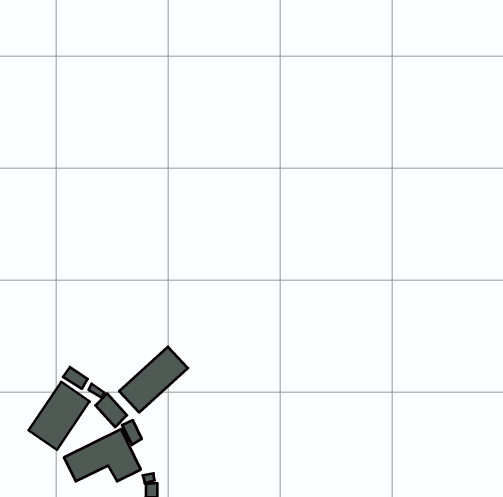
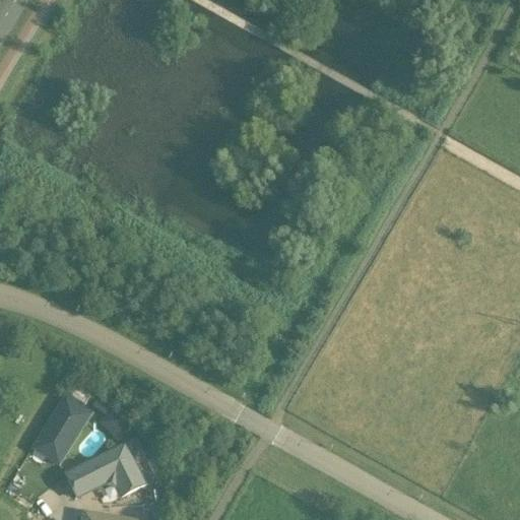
building: [119,347,188,412] -> none

